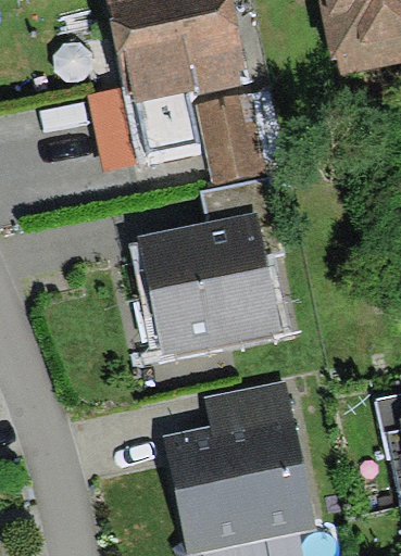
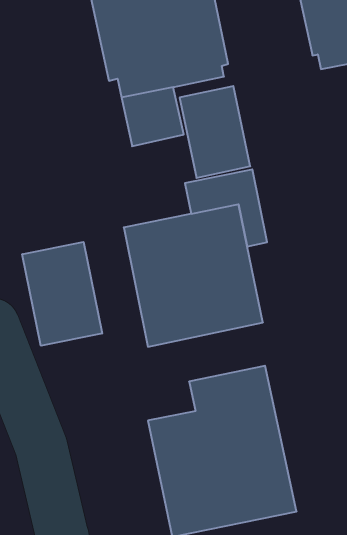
building: [88,84,149,173] -> none
building: none -> [22,242,102,346]

